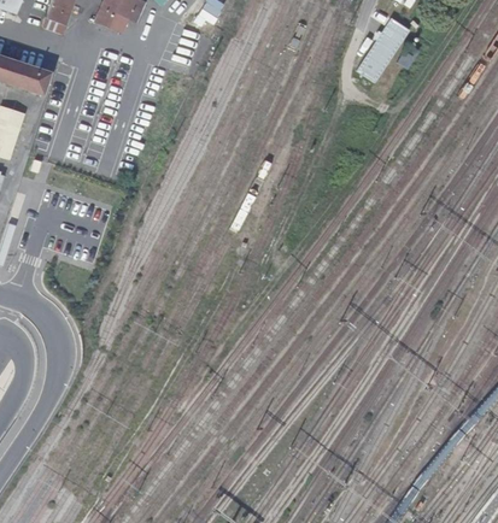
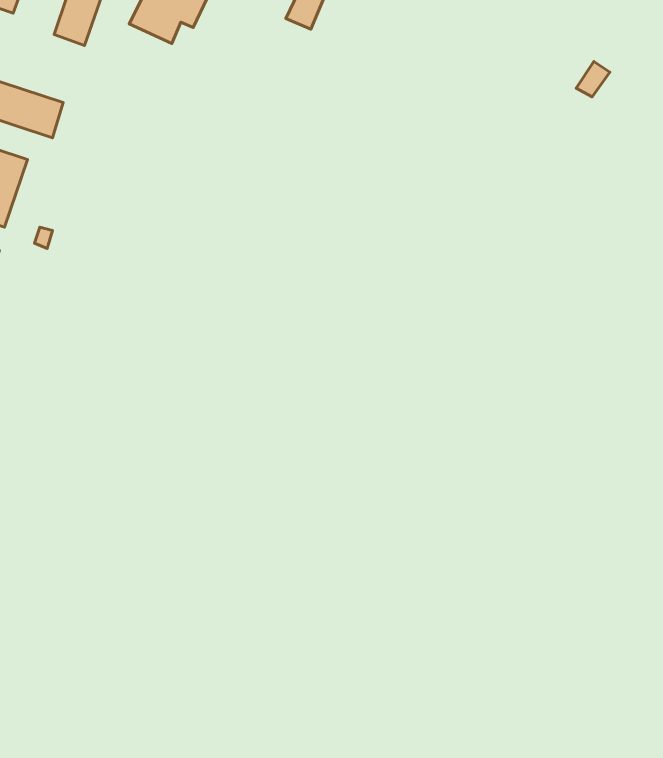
building: [359,13,411,80] -> none

